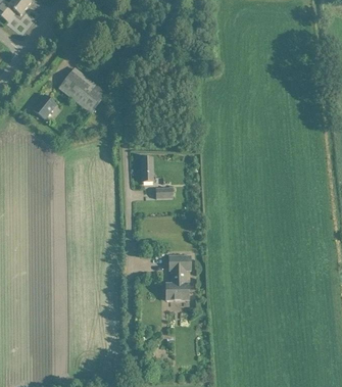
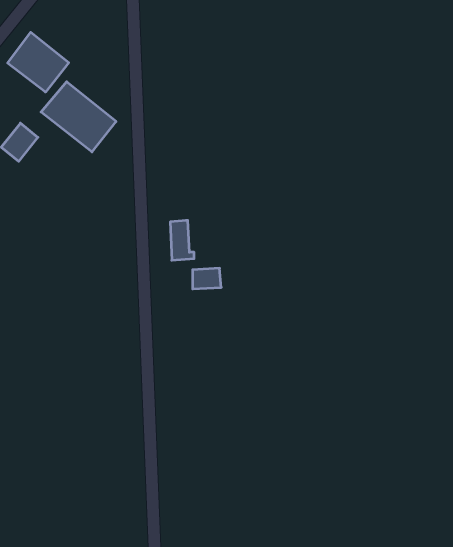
building: none -> [8,32,69,92]
building: [164,255,190,299] -> none

